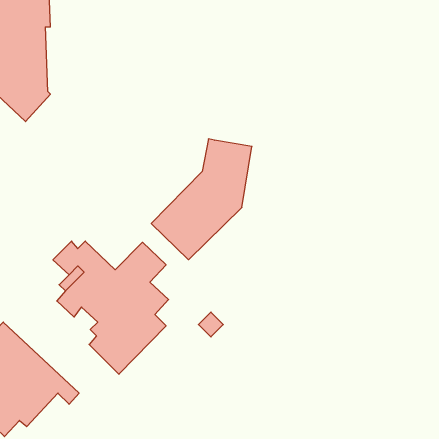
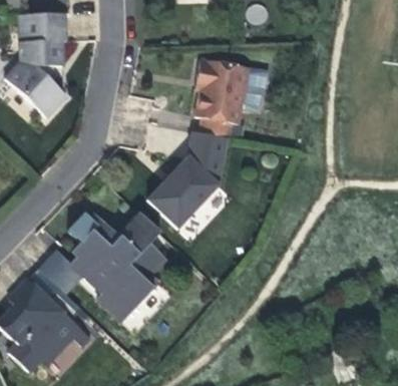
building: none -> [194,59,268,137]
building: none -> [38,249,85,295]

